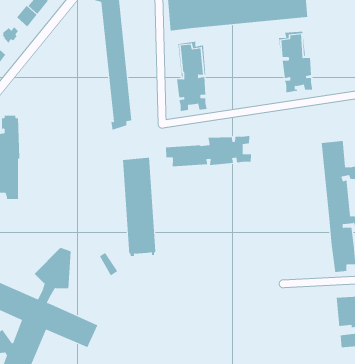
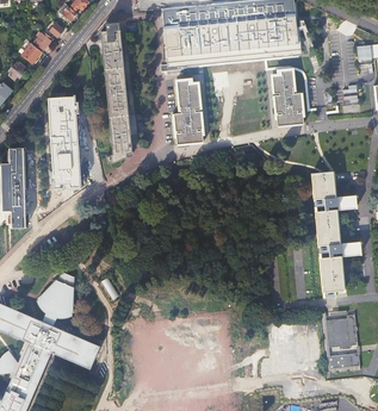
building: [165,135,251,167] -> none
building: [122,157,156,257] -> [48,96,80,191]

